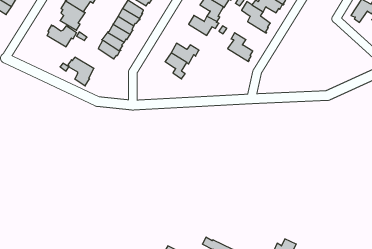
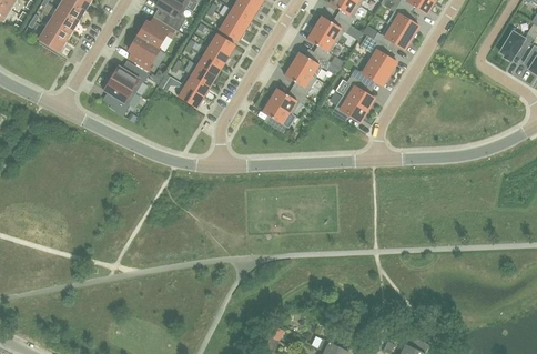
building: none -> [351,60,391,85]
building: none -> [284,63,316,97]
building: none -> [331,94,368,122]
building: [68,57,94,86] -> [102,78,135,114]

